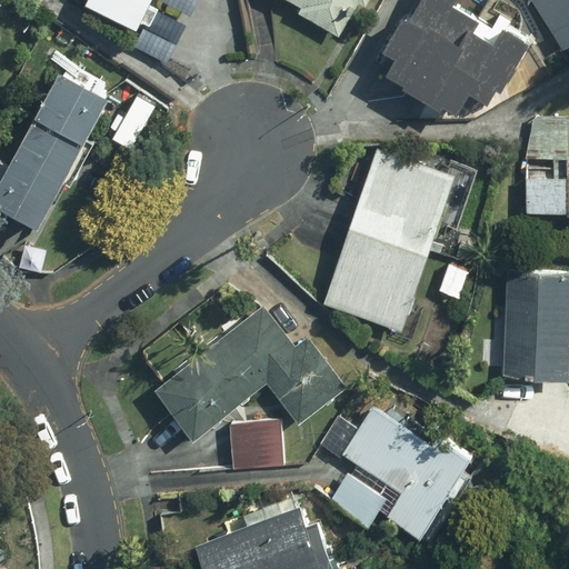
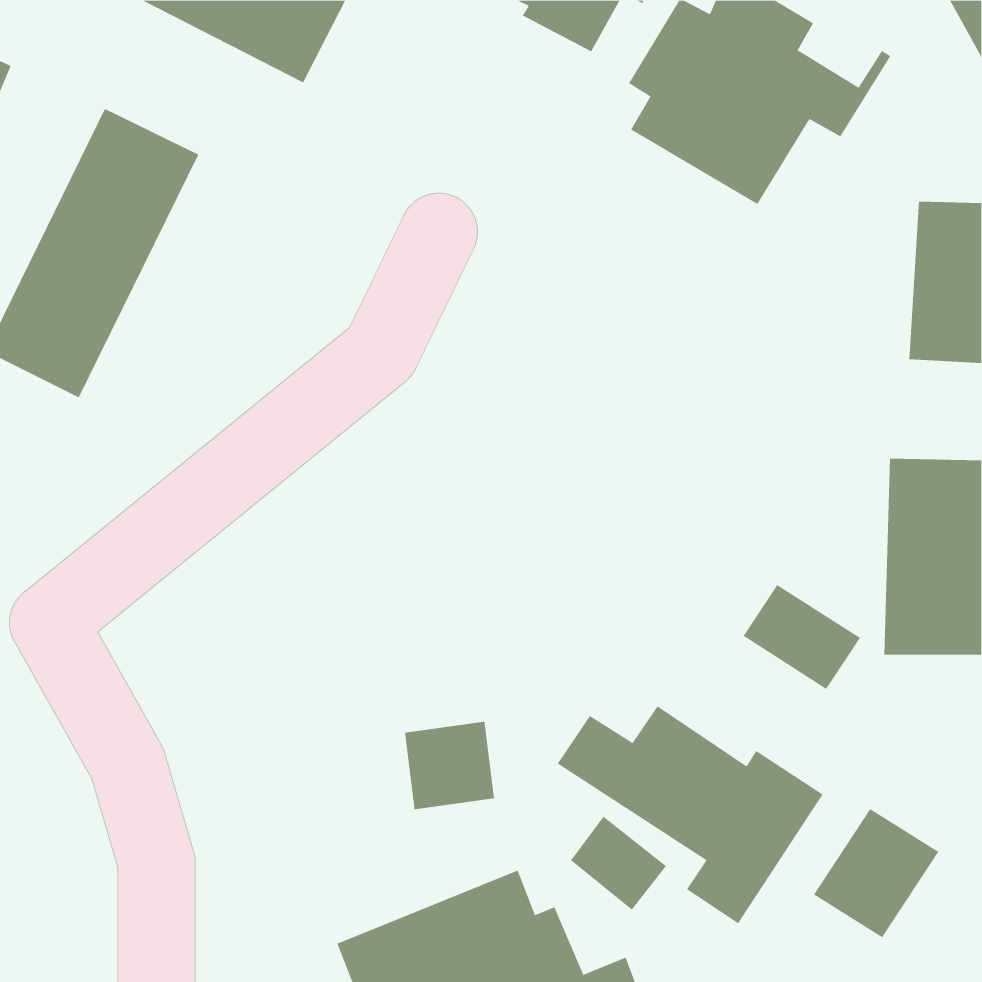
building: [321,147,477,336] -> none
building: [160,309,346,439] -> none
building: none -> [743,584,861,690]
building: none -> [813,808,939,938]

